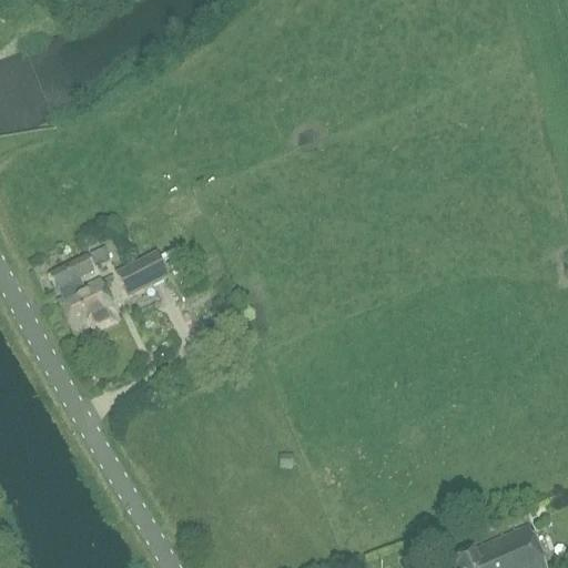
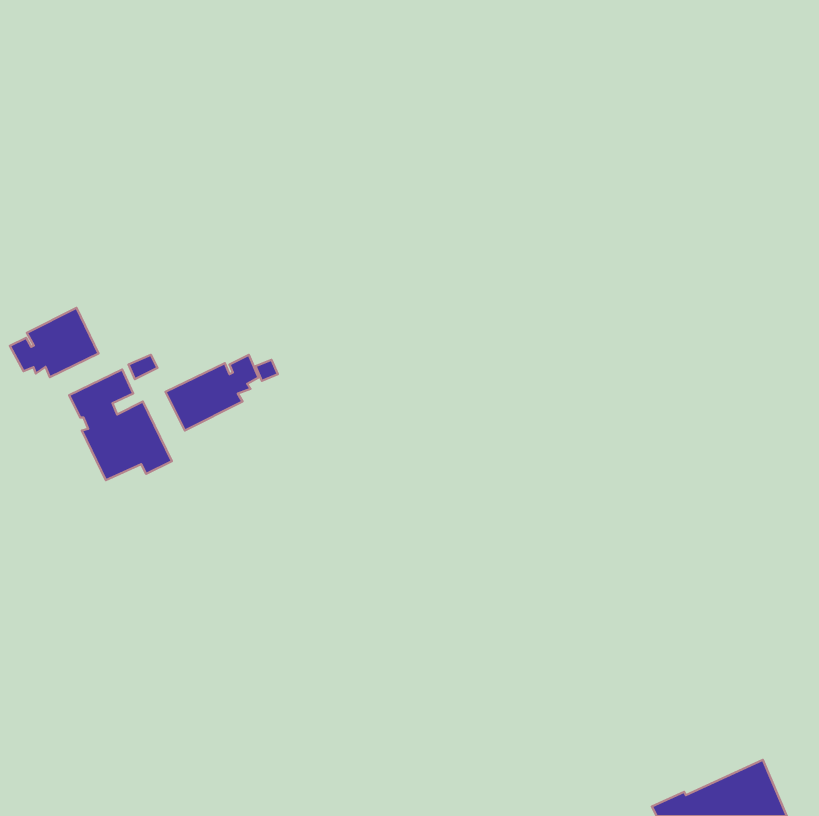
building: none -> [10,308,99,377]

